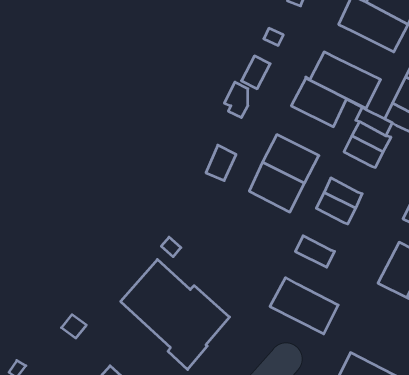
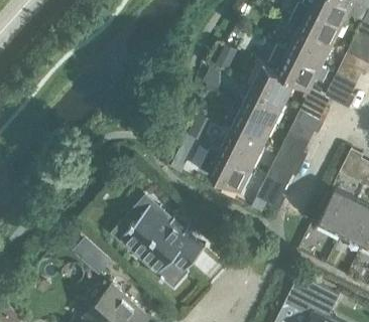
building: none -> [288,28,332,65]
building: none -> [242,86,285,124]
building: none -> [283,121,315,152]
building: none -> [262,164,293,196]
building: [270,278,338,334] -> [200,146,252,189]

